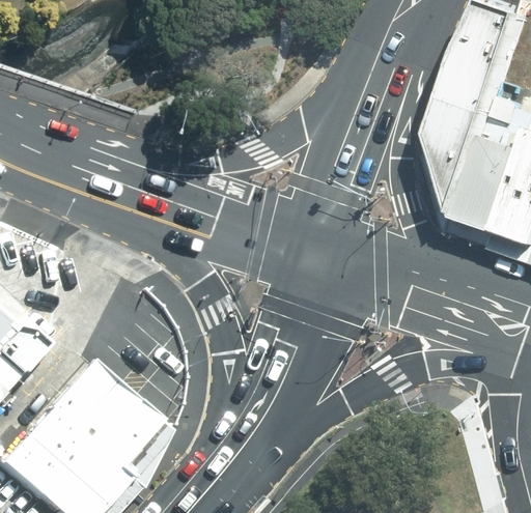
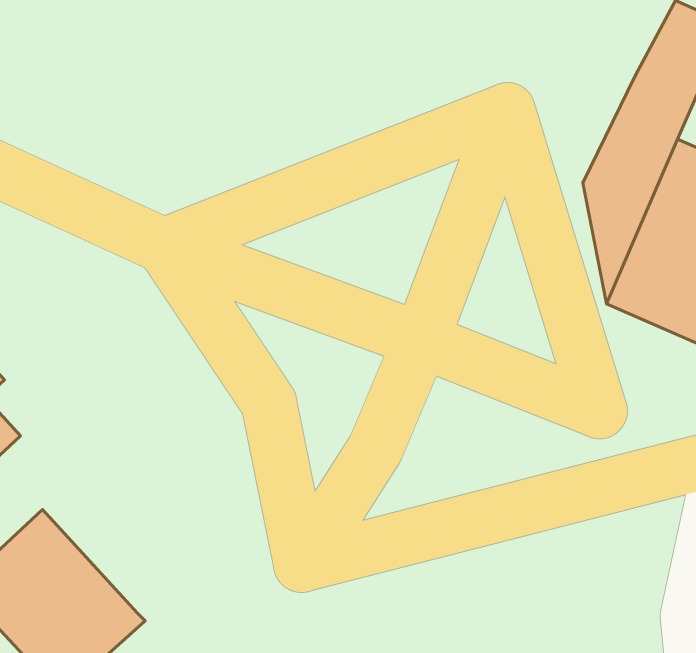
building: [60,358,173,468] -> none

